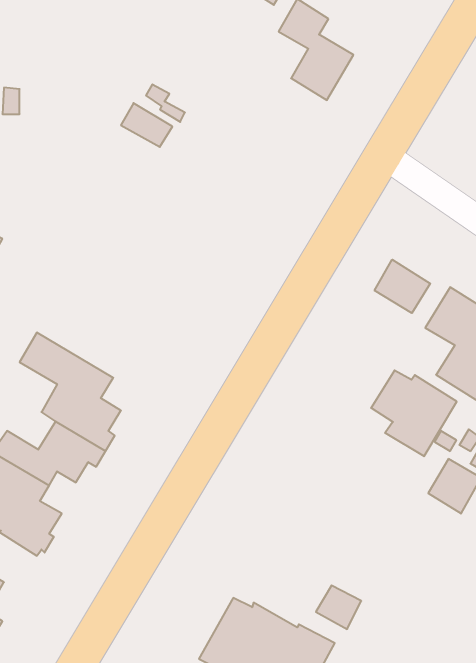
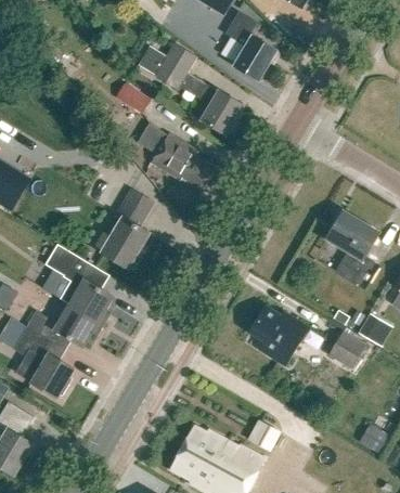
building: none -> [139,42,244,134]
building: none -> [137,122,216,189]
building: none -> [102,190,154,268]
building: [375,260,430,313] -> none
building: [371,370,457,456] -> [249,306,309,365]

